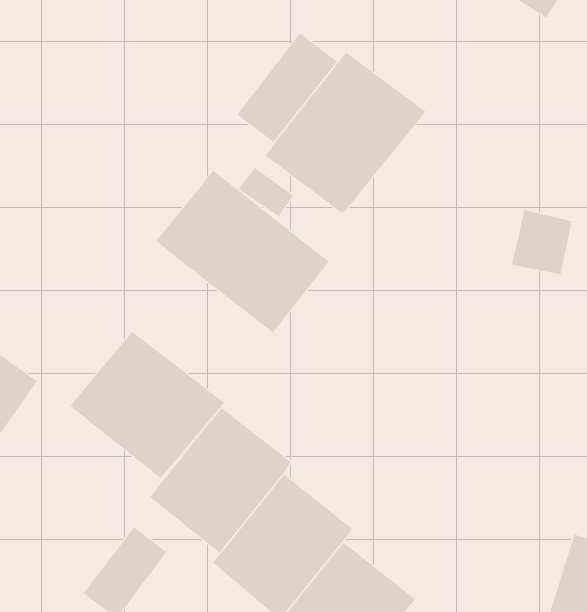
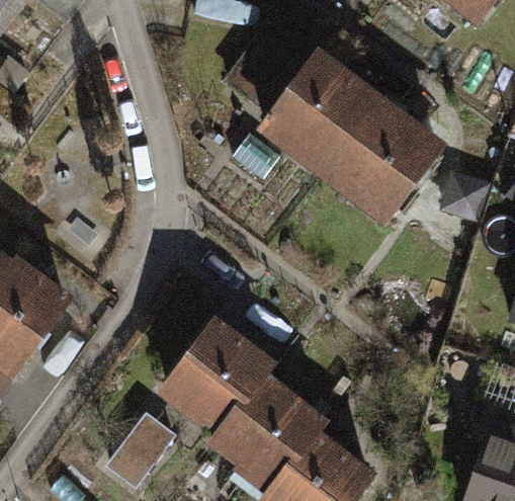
building: none -> [312,90,441,222]
building: [156,170,330,334] -> none
building: [70,331,225,479] -> none

